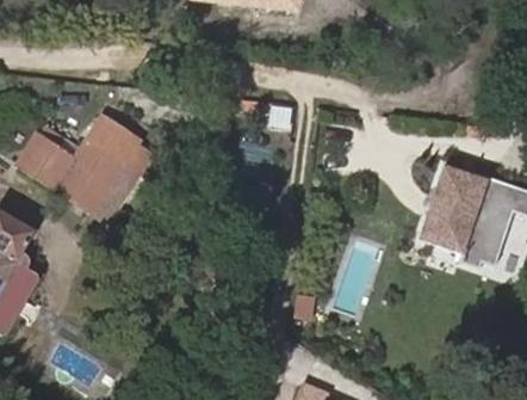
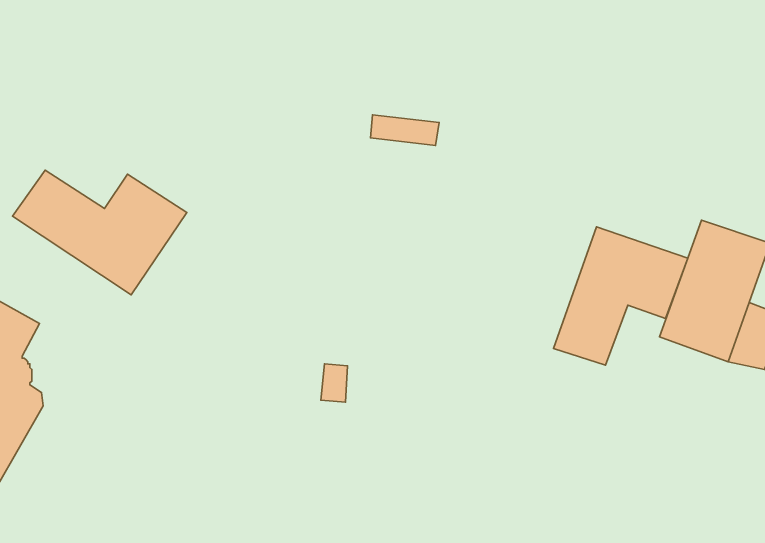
building: [87,116,150,222] -> none
building: none -> [554,227,688,365]

